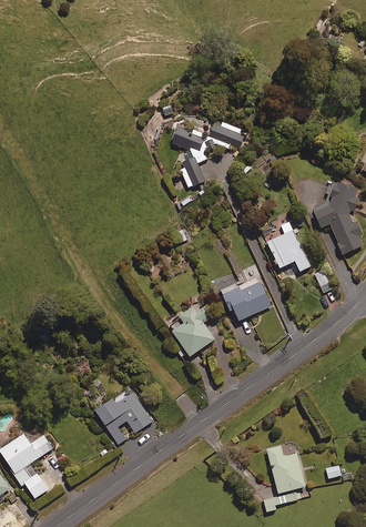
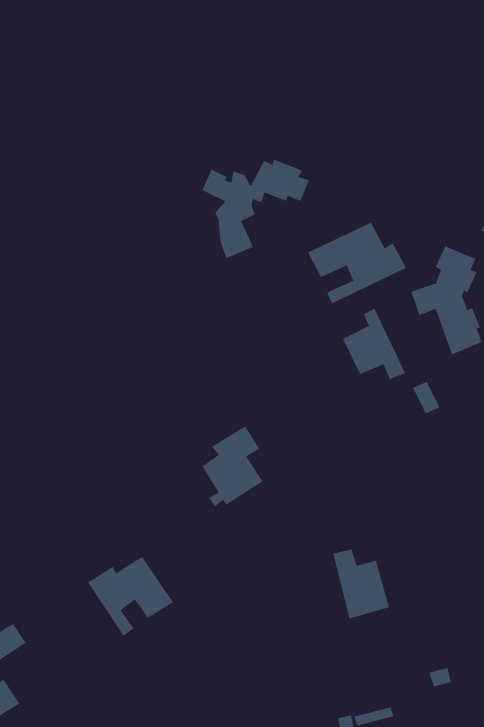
building: none -> [307,222,407,304]
building: [221,277,270,321] -> none
building: [266,446,305,494] -> [332,549,390,619]

